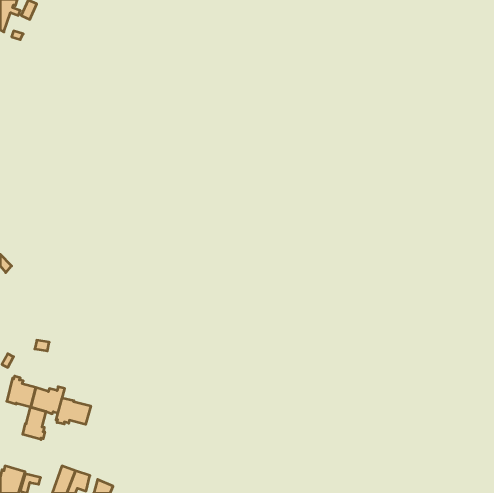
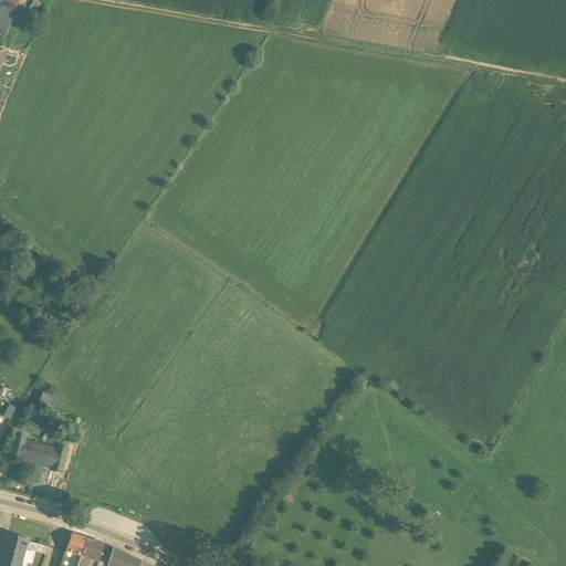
building: [56,398,91,424] -> none
building: [23,407,46,440] -> none

